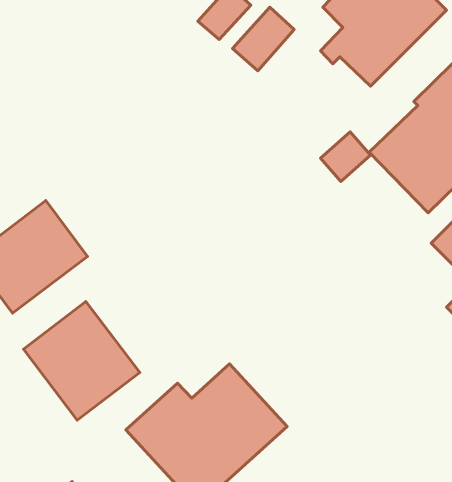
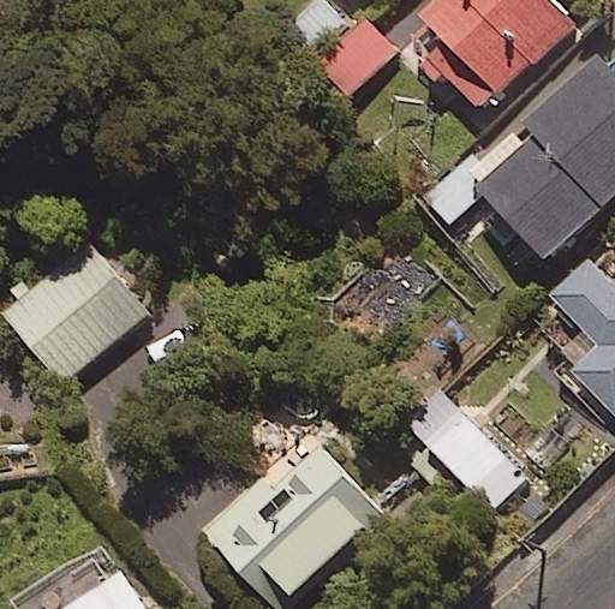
building: [23,301,140,420] -> none
building: none -> [404,408,519,506]

